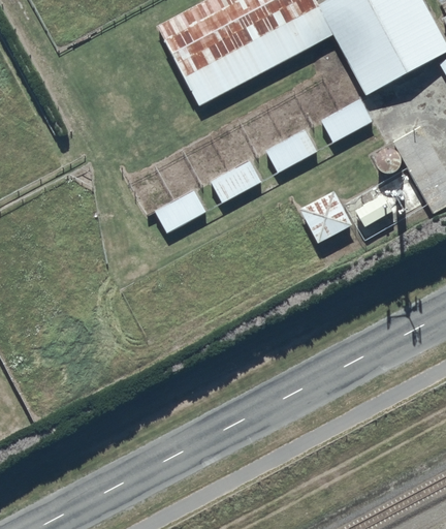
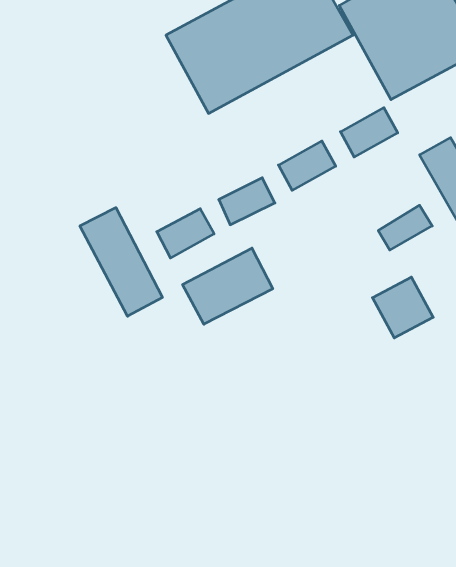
building: [299,188,354,243] -> [372,277,433,338]
building: none -> [80,208,162,316]
building: none -> [183,248,273,324]

